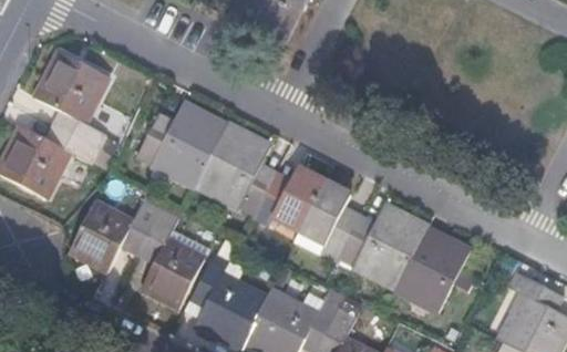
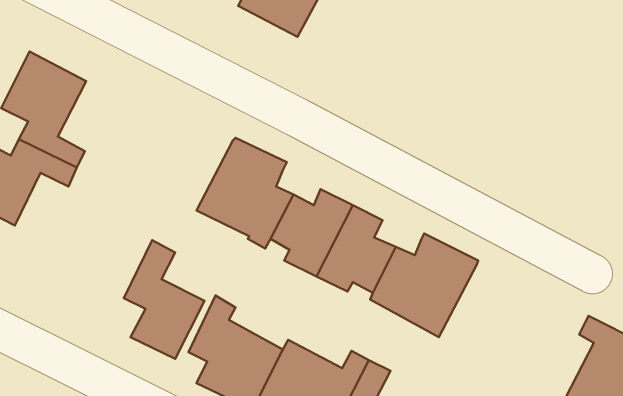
building: [137,103,226,186] -> none
building: [71,199,159,269] -> none
building: [395,228,475,310] -> none

